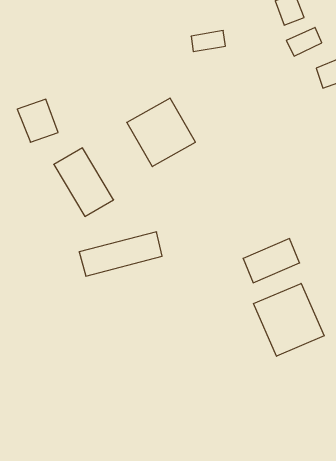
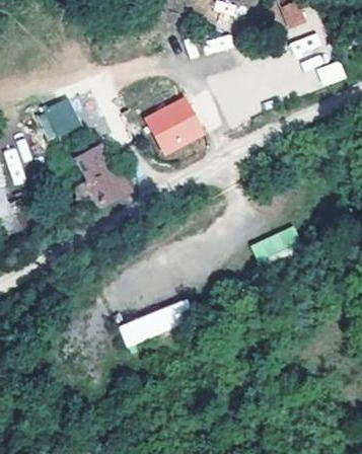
building: [79,232,162,276] -> [118,303,194,344]
building: [254,283,324,356] -> none

